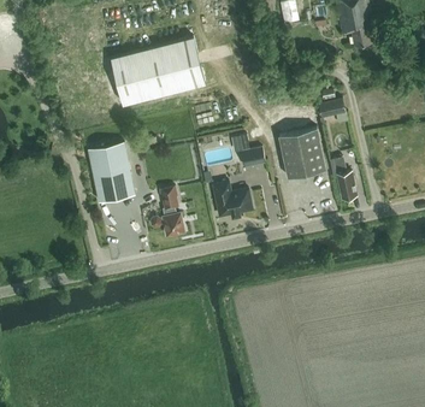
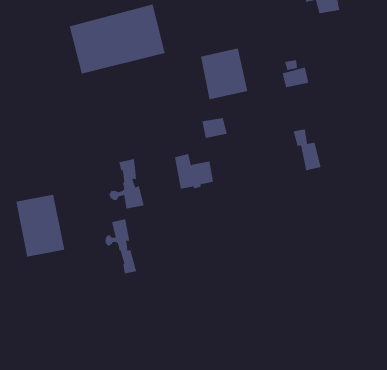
building: [279,129,326,179] -> [200,48,248,100]
building: [88,142,136,204] -> [16,194,65,257]
building: none -> [105,218,137,274]

